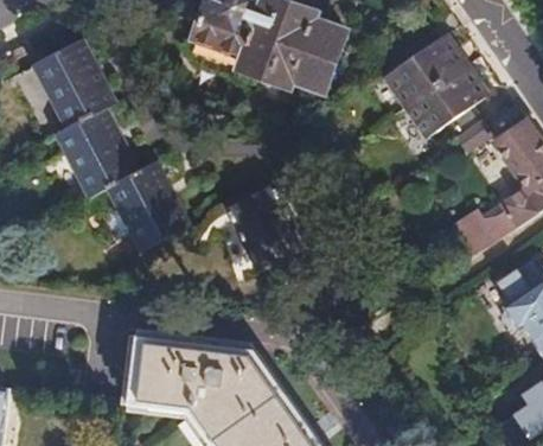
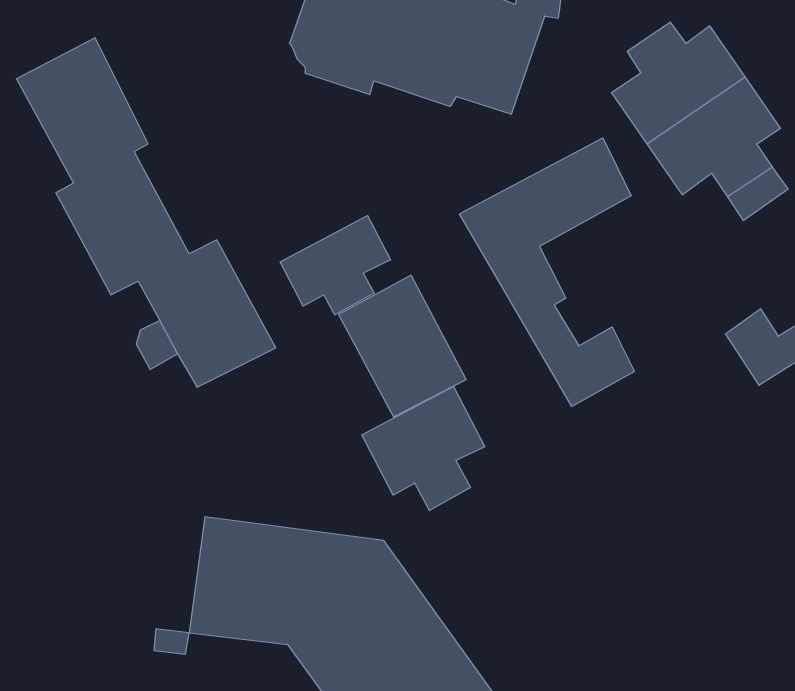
building: none -> [460,138,634,406]
building: none -> [280,216,391,315]
building: none -> [362,387,485,511]

